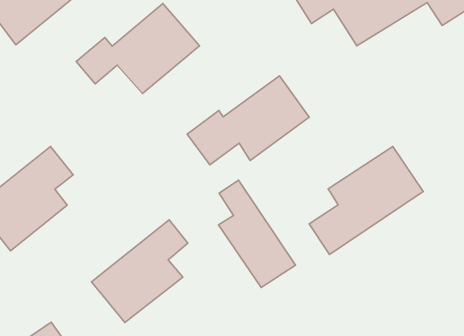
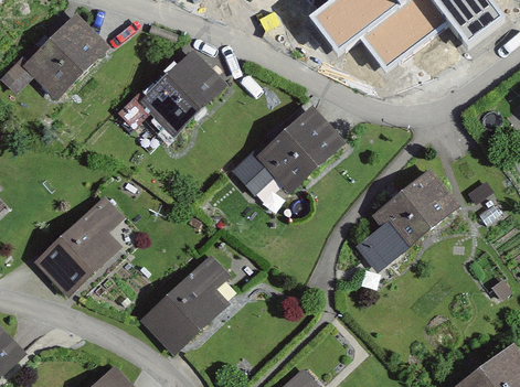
building: [219,180,295,287] -> none

